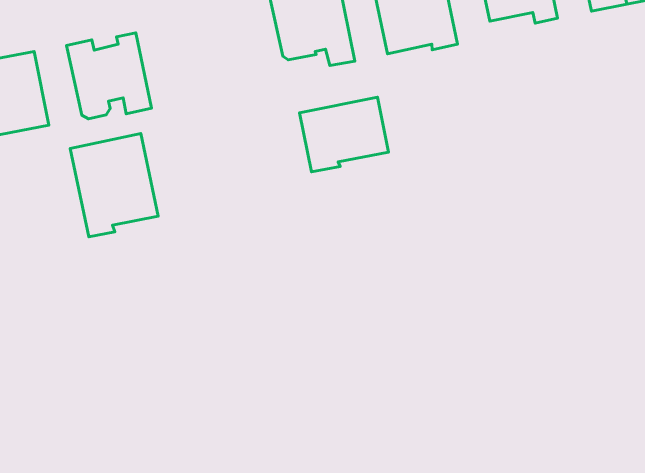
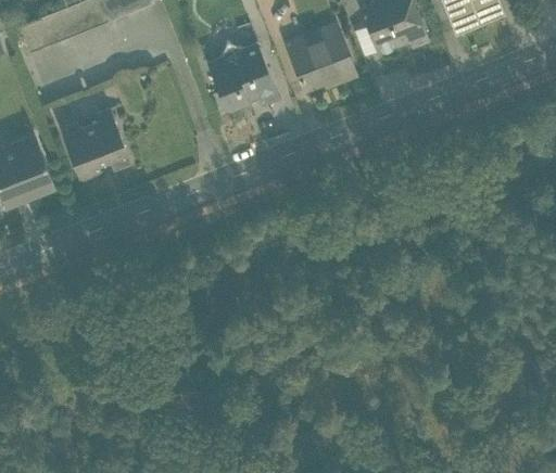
building: [300,97,388,172] -> none
building: [70,133,158,237] -> none

